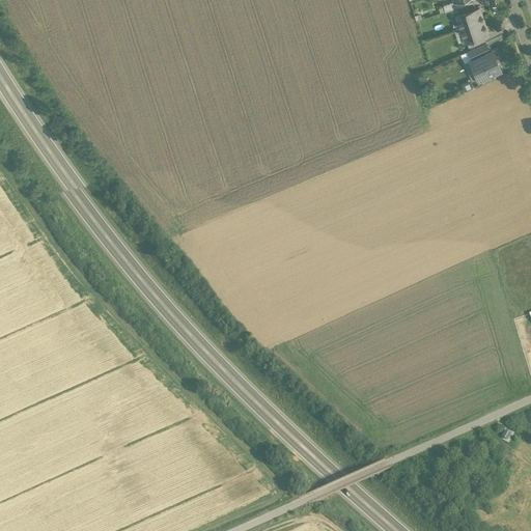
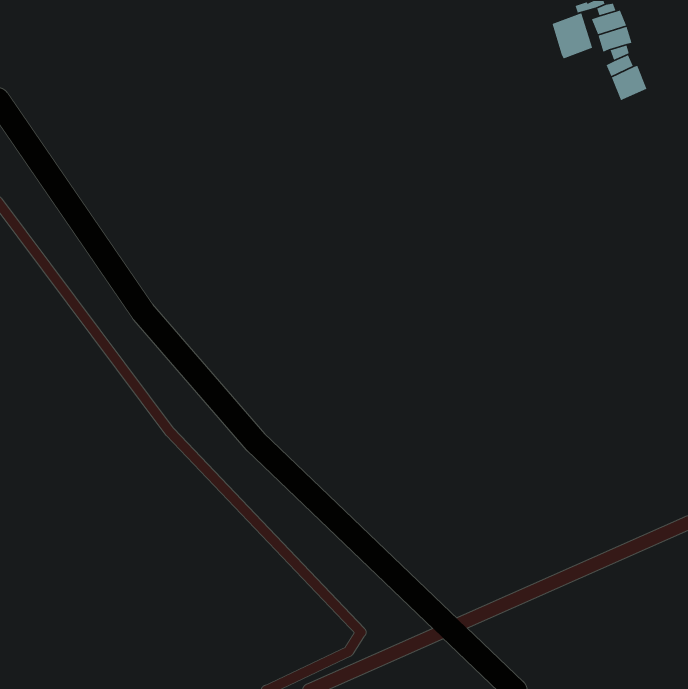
building: none -> [552,12,593,59]

